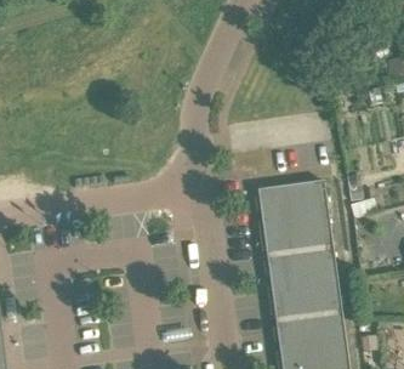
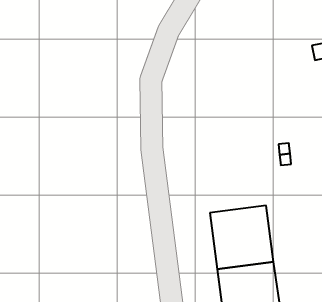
building: [258,180,334,254] -> none

